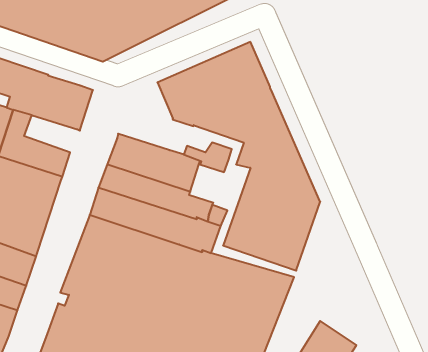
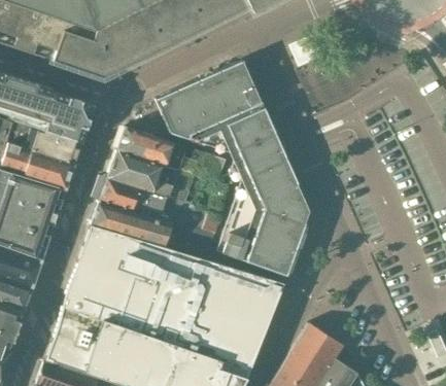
building: none -> [118,129,173,163]
building: none -> [30,130,80,165]

